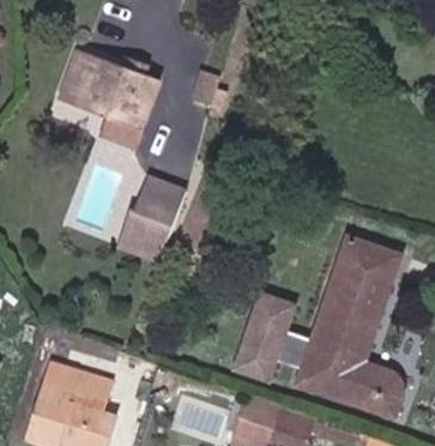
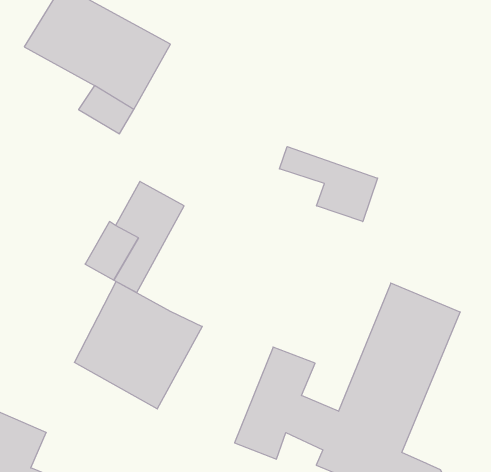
building: none -> [279,147,378,222]
building: none -> [74,281,202,409]

